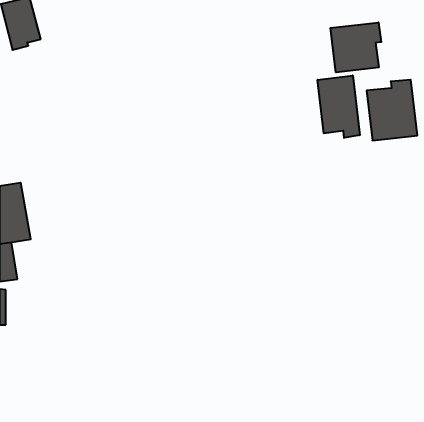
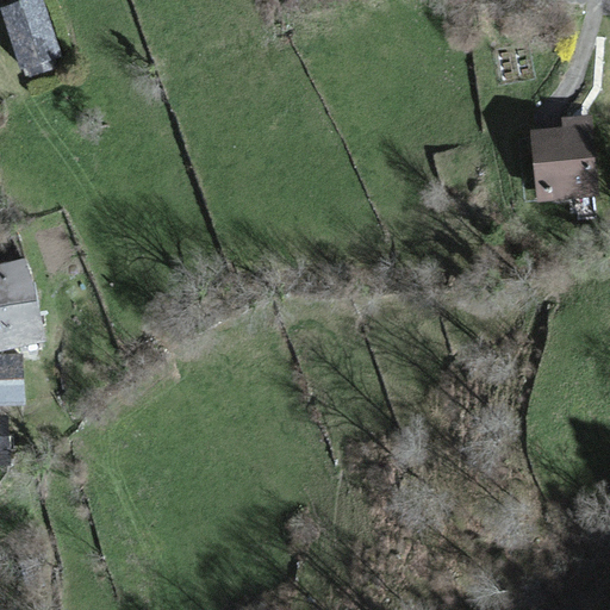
building: [330,22,381,72] -> none
building: [318,75,360,138] -> none

